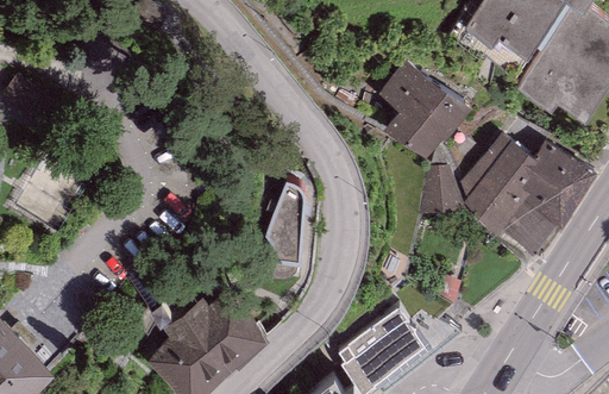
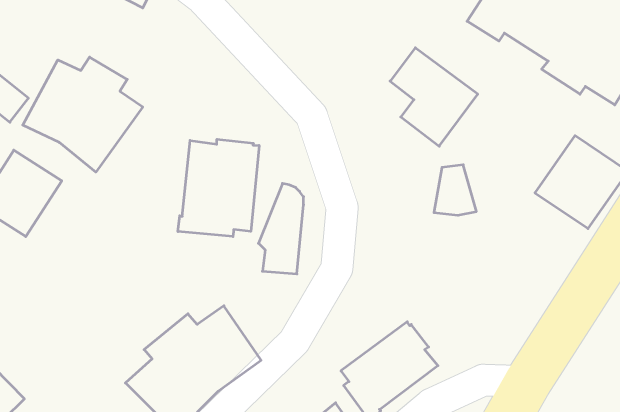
building: none -> [23,57,143,172]
building: [466,118,559,257] -> none
building: none -> [178,139,259,237]

